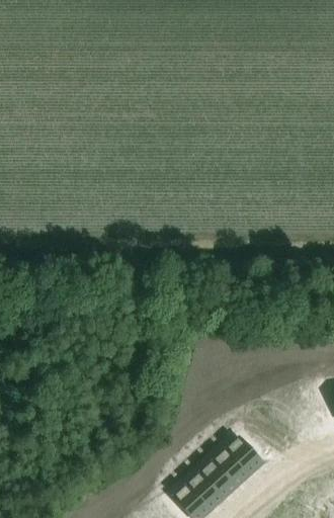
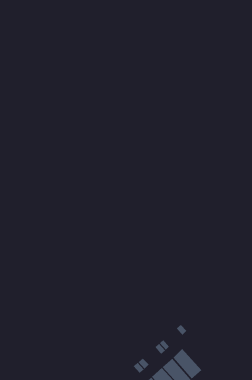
building: [228,436,265,476] -> none

